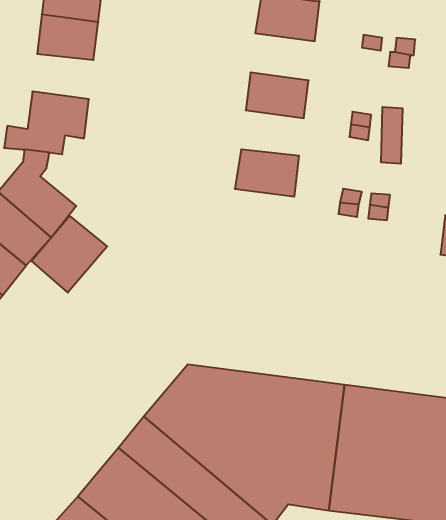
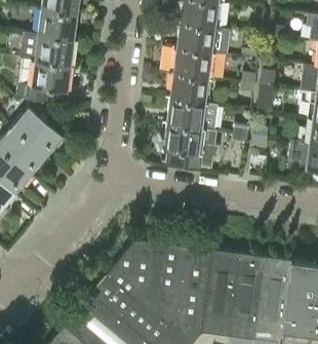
building: none -> [176,24,218,54]
building: none -> [19,35,74,67]
building: none -> [170,74,211,104]
building: none -> [163,125,205,156]
building: [31,216,107,293] -> none

